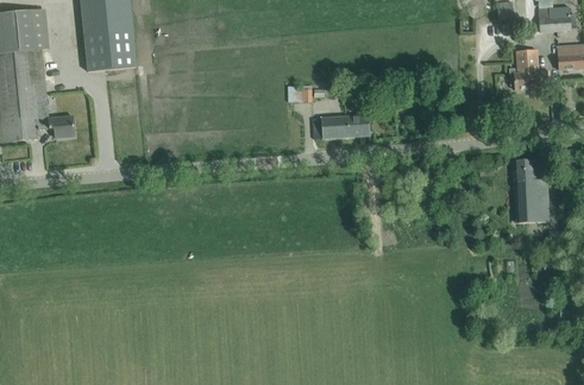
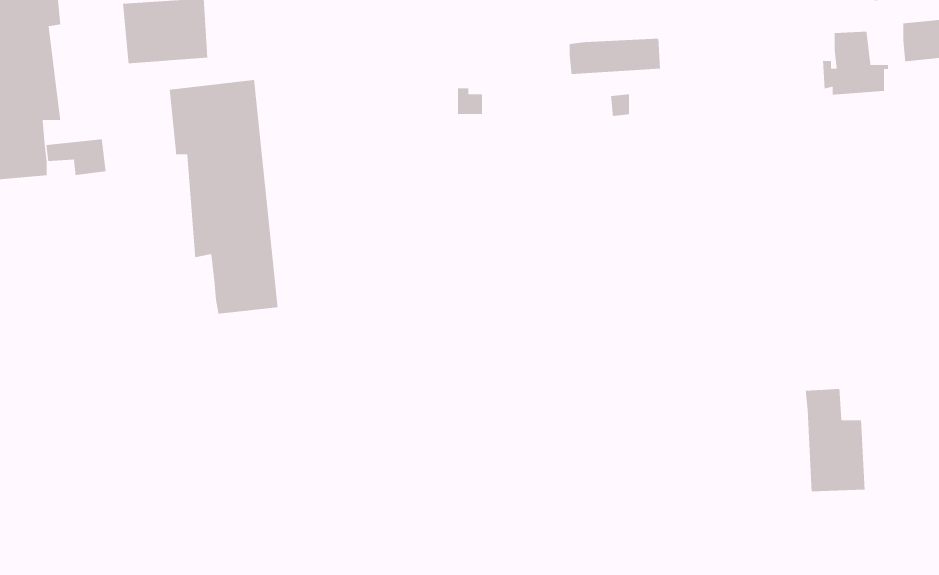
building: none -> [169,79,278,314]
building: [313,114,369,137] -> [569,38,661,75]
building: [513,158,550,221] -> [805,388,866,492]

